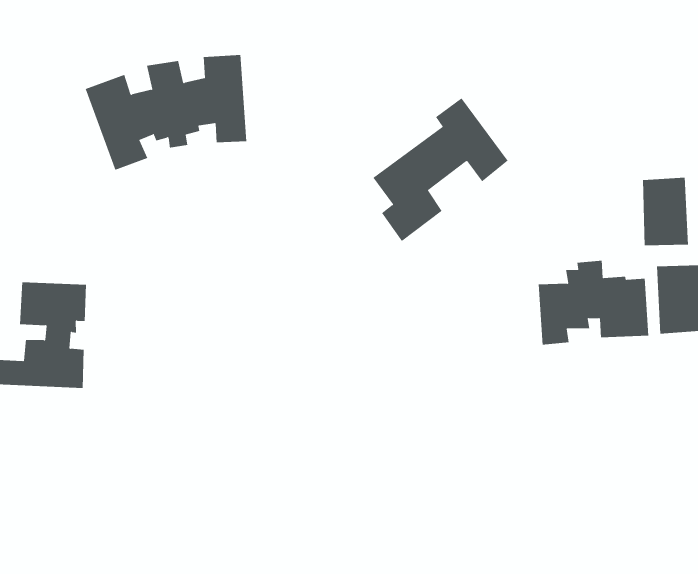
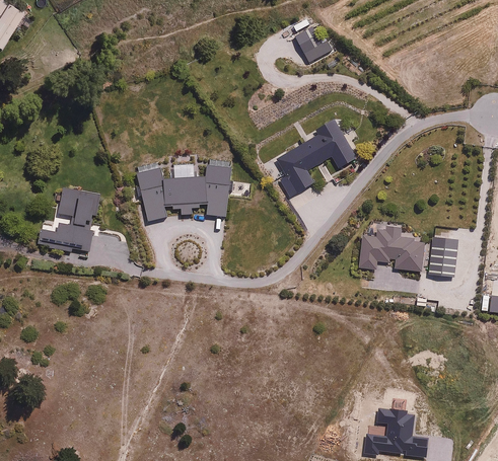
building: [85,55,247,170] -> [137,163,230,221]
building: [643,177,689,246] -> none

